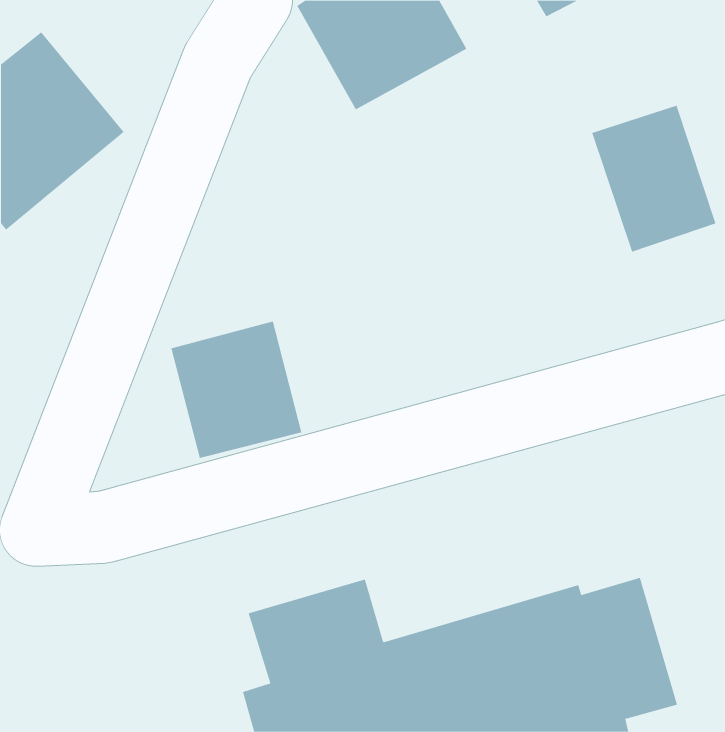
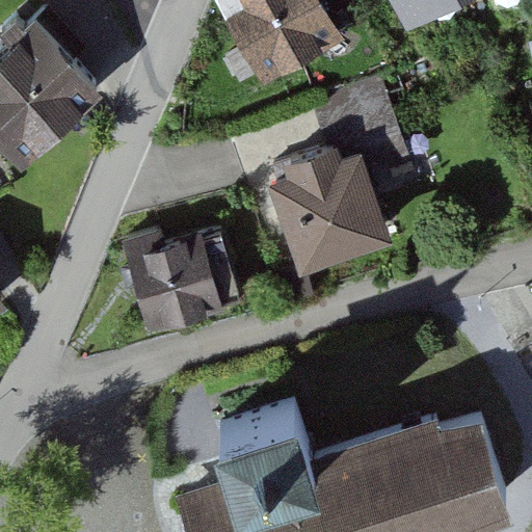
building: [592,105,716,253] -> none
building: none -> [270,84,417,270]

